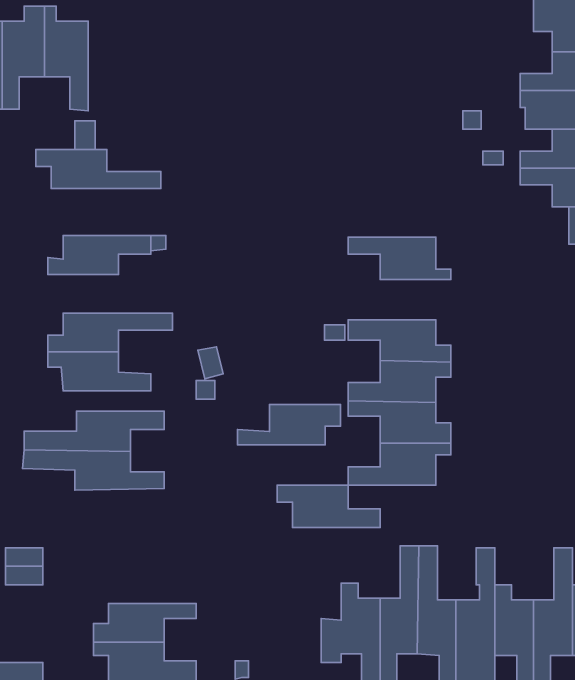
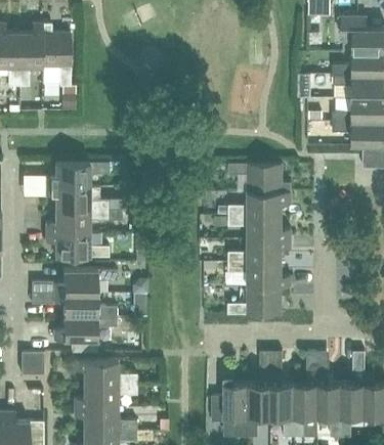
building: [36,150,161,188] -> [46,186,122,210]
building: [238,404,340,445] -> [228,189,291,214]
building: [277,485,380,527] -> [74,360,136,386]
building: none -> [53,316,117,352]

